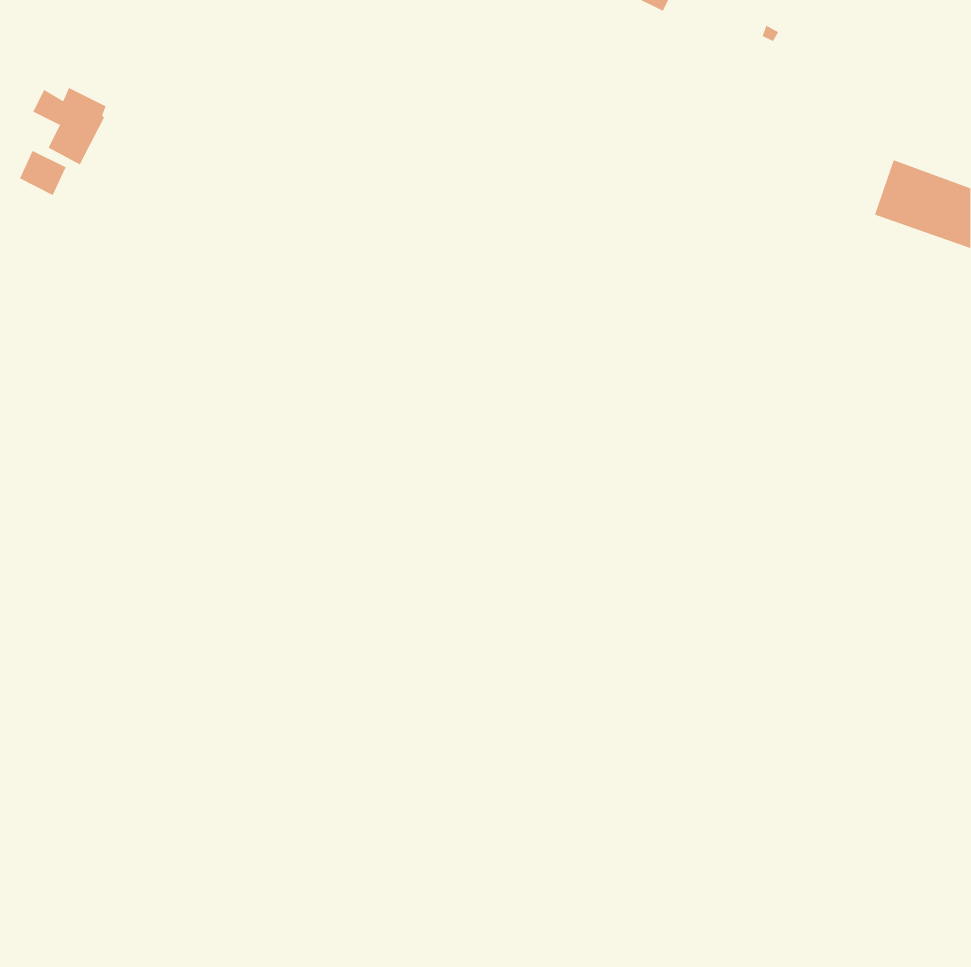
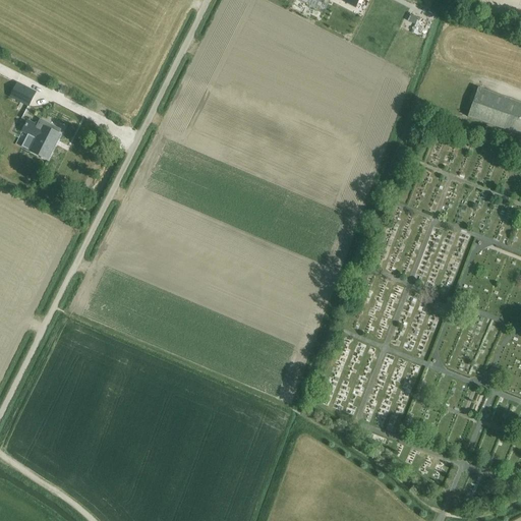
building: [33,87,107,165] -> [21,117,61,159]

